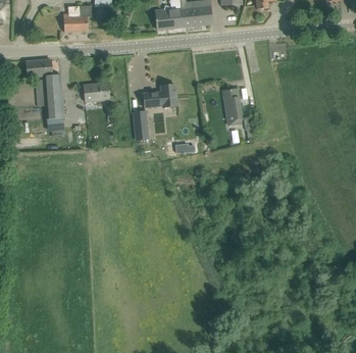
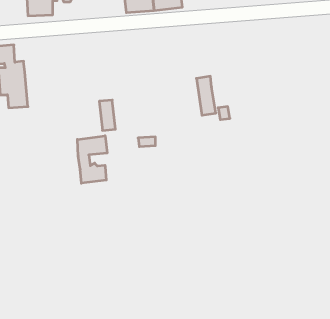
building: [84,83,110,101] -> none
building: [143,85,176,107] -> none
building: none -> [77,136,107,183]

